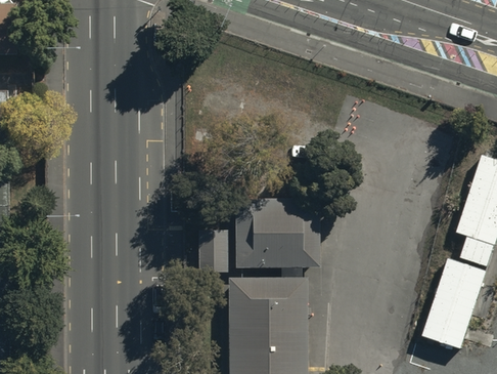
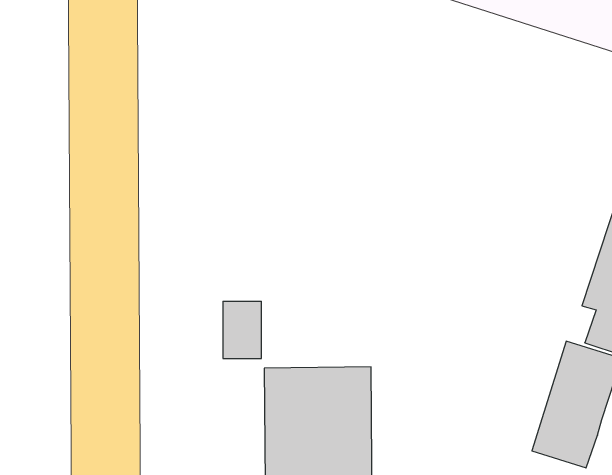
building: [233,196,318,267] -> none

